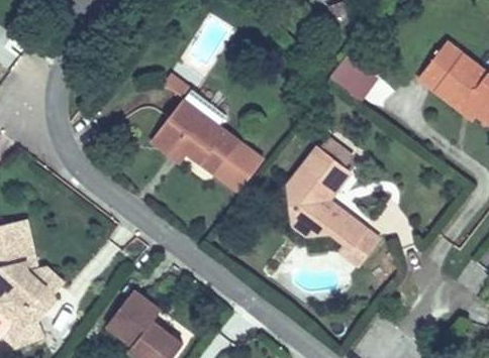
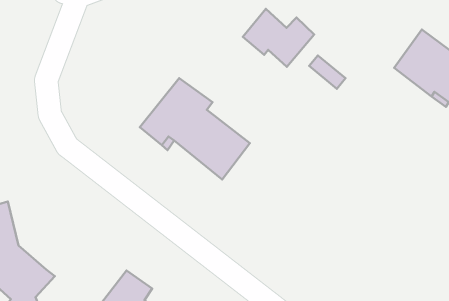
building: none -> [243,9,314,67]
building: [283,136,381,265] -> none
building: [9,218,66,291] -> none

